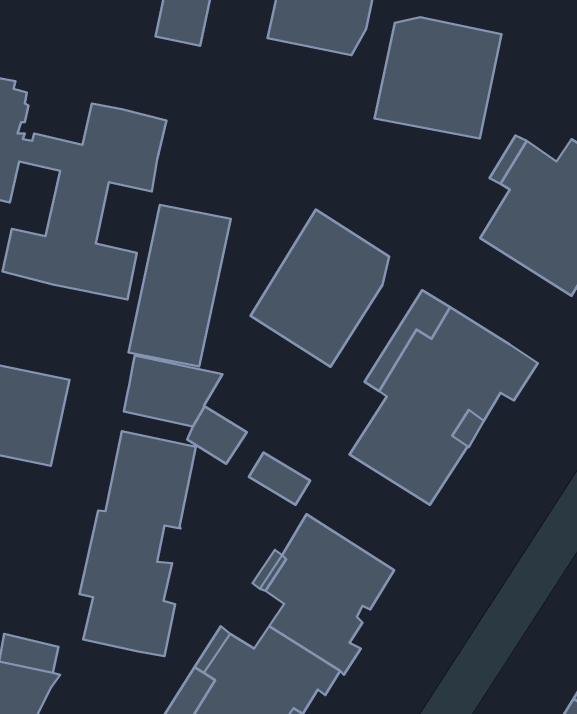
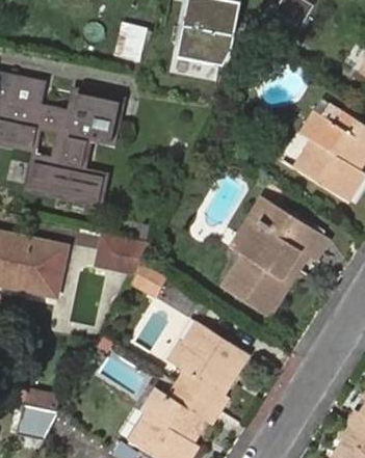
building: [374,17,502,138] -> none
building: [129,205,231,366] -> none
building: [251,209,389,367] -> none
building: [79,431,196,656] -> none

